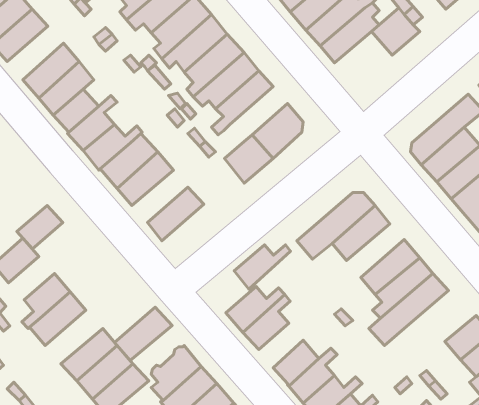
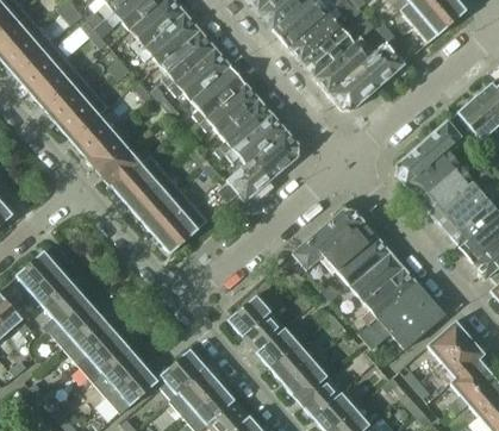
building: none -> [30,58,81,107]
building: none -> [328,63,380,110]
building: none -> [226,113,285,163]
building: none -> [143,189,194,237]
building: [17,205,63,249] -> [31,268,73,307]
building: none -> [338,238,391,287]
building: [234,245,291,289] -> [258,329,310,369]
building: none -> [391,299,444,349]
building: [115,307,172,361] -> [64,317,117,366]

